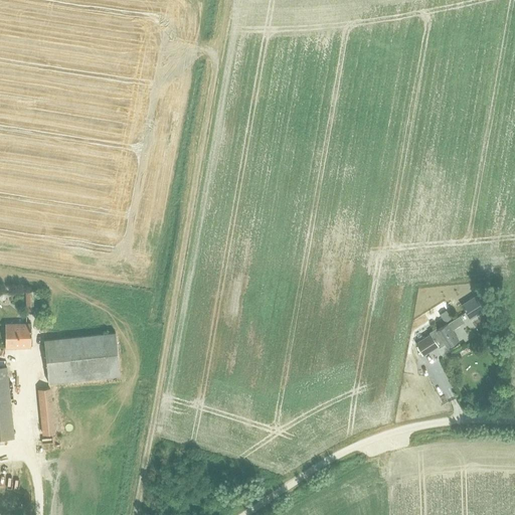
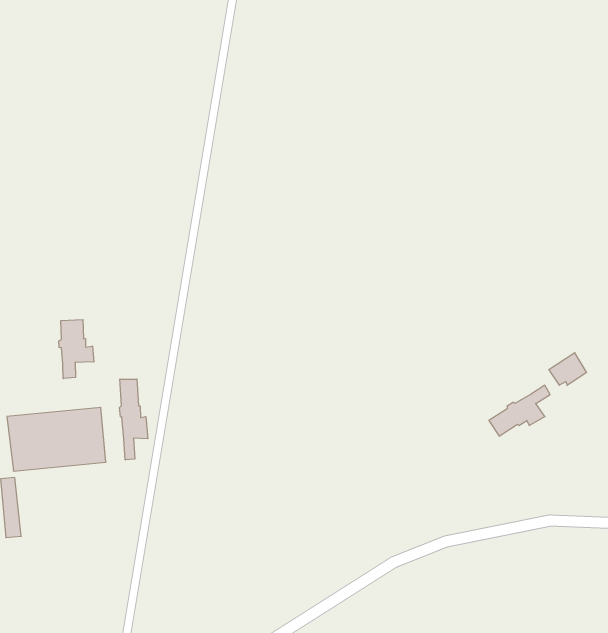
building: none -> [59,320,94,379]
building: none -> [120,379,148,460]

